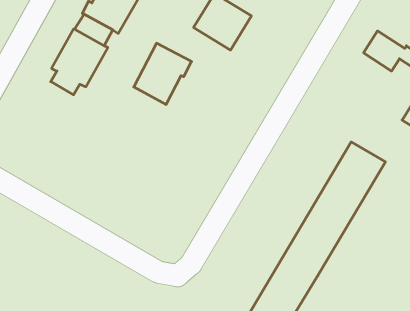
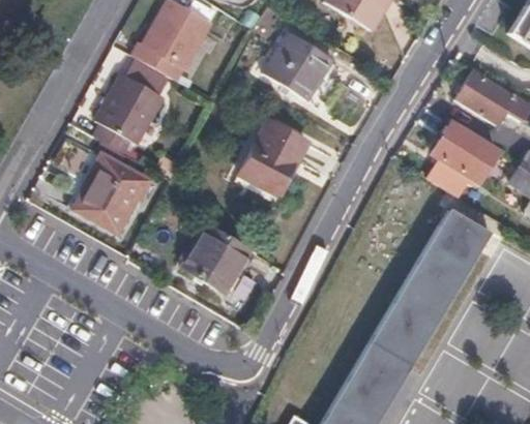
building: [134,43,192,104] -> [240,122,308,194]
building: none -> [435,122,499,193]
building: none -> [75,157,145,233]
building: none -> [182,225,251,293]

